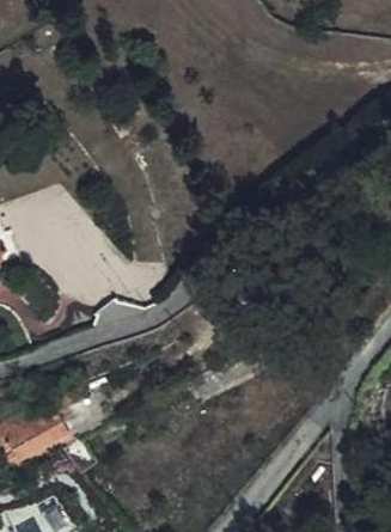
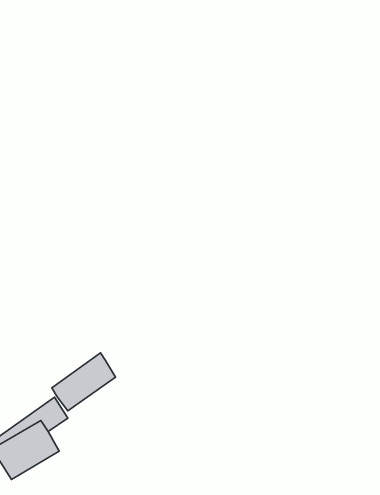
building: none -> [52,353,116,411]

